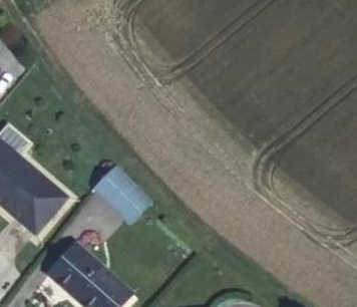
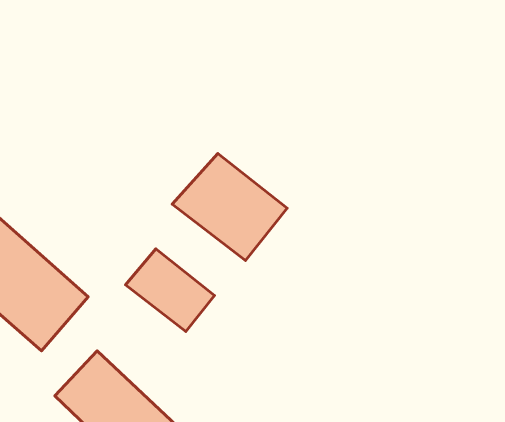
building: none -> [172,153,287,260]

